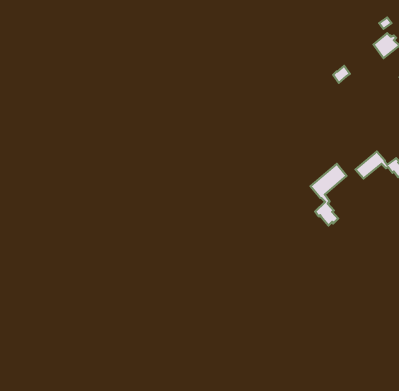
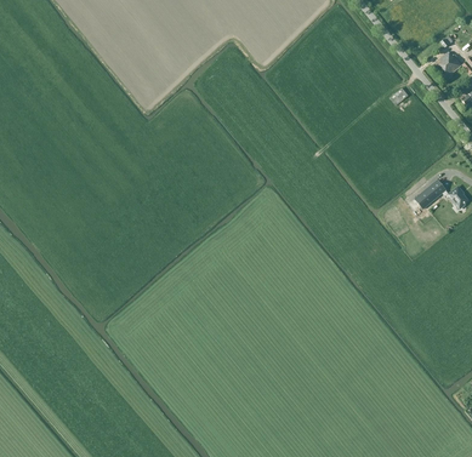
building: [310,164,346,225] -> none

